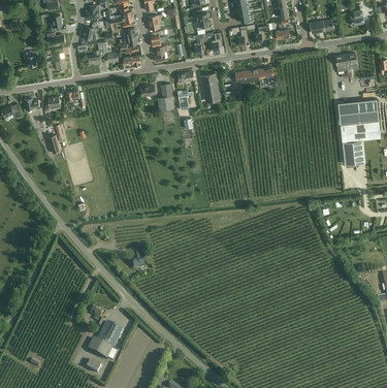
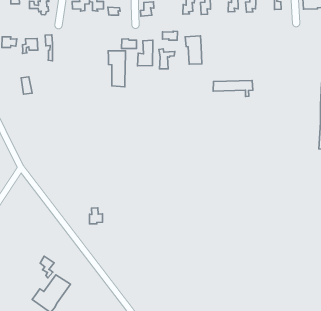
building: [235,66,275,83] -> [213,80,253,97]
building: none -> [108,51,126,87]

